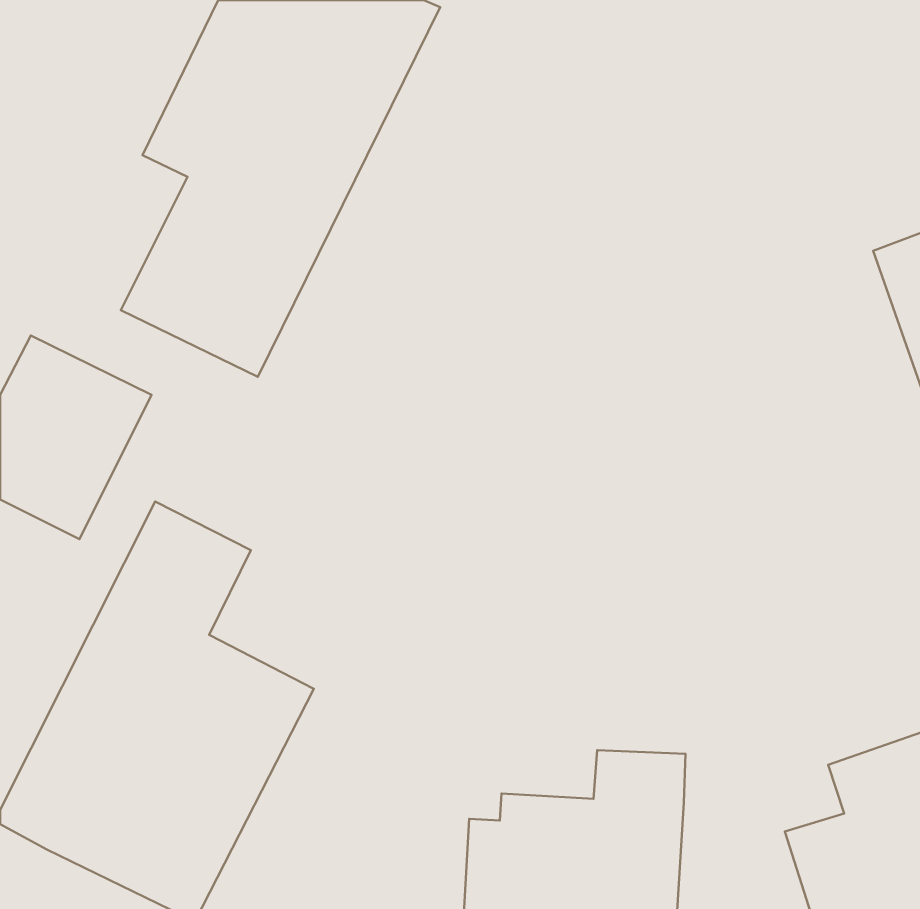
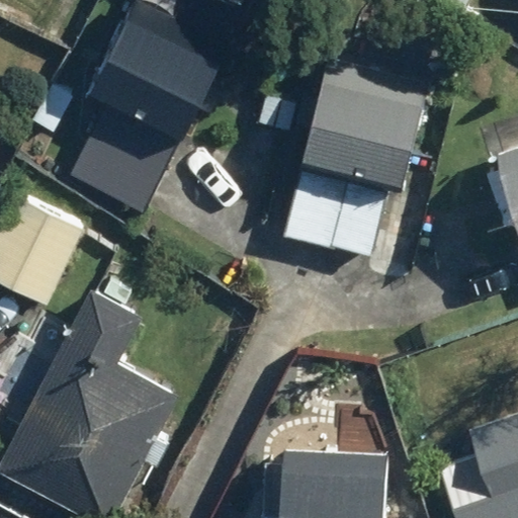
building: none -> [282,62,427,263]

